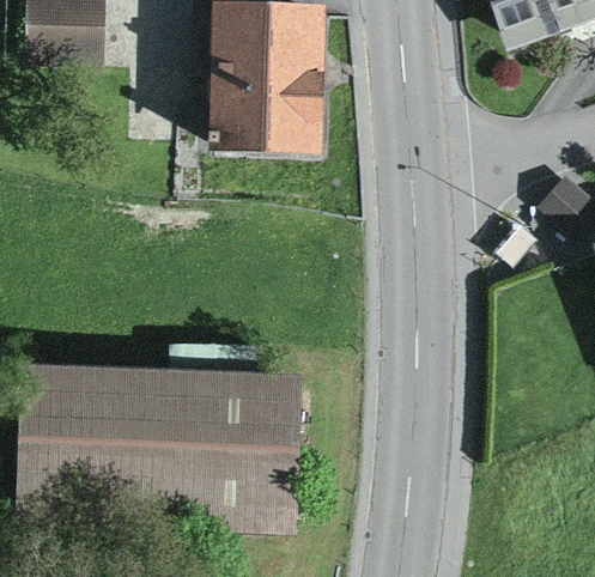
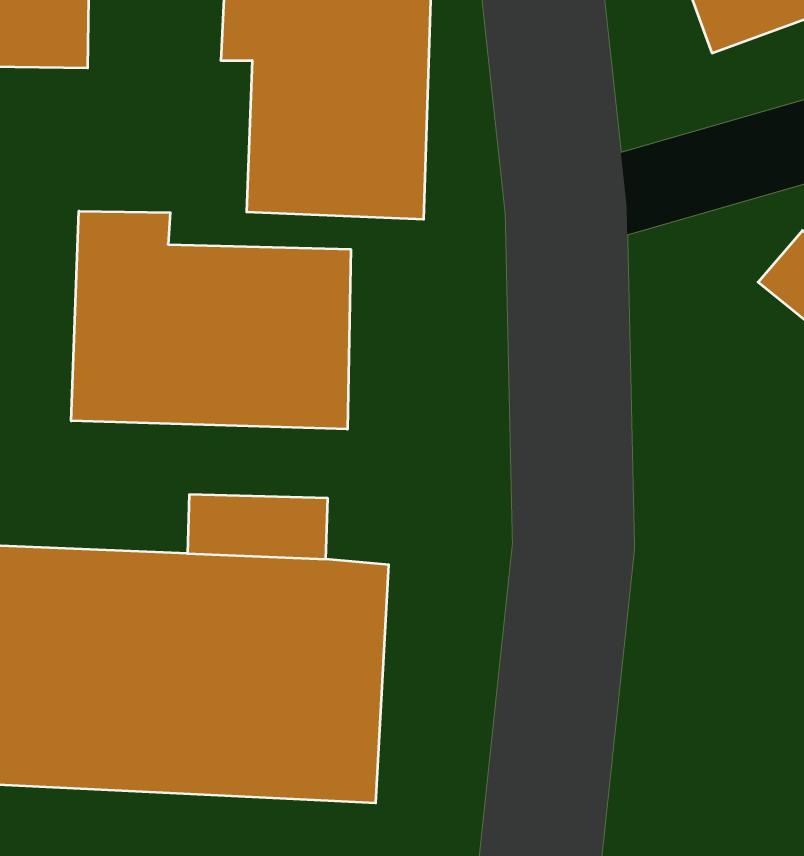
building: none -> [71,211,351,429]

